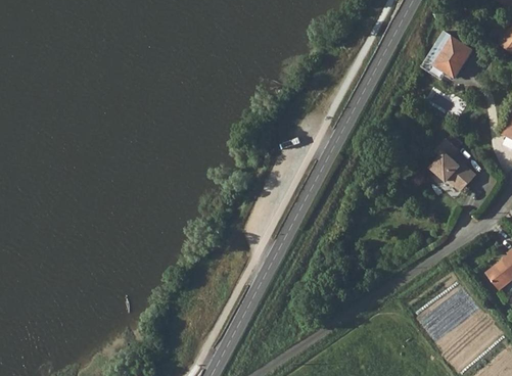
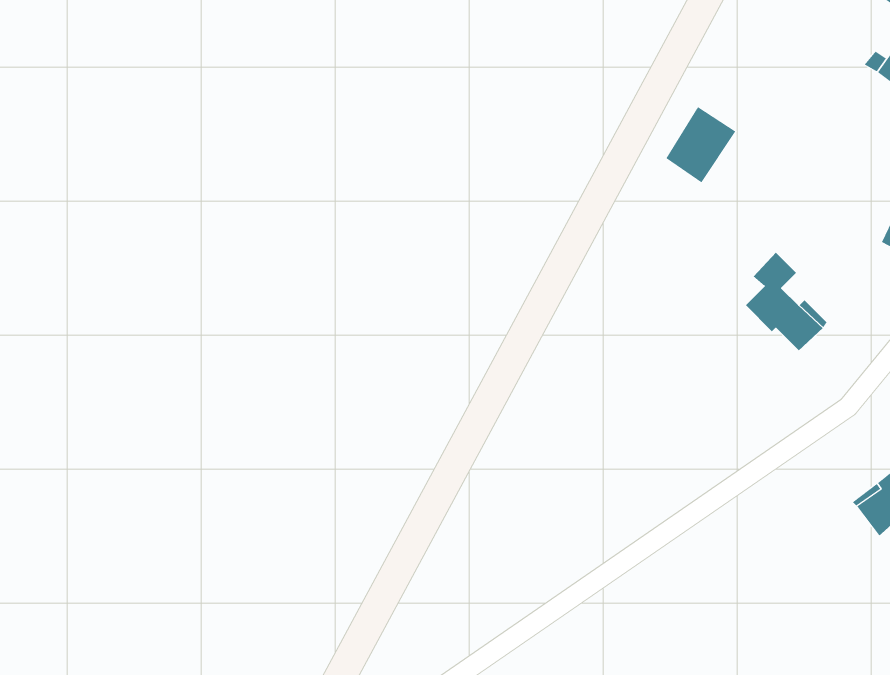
building: [432,34,470,75] -> [665,107,736,183]

